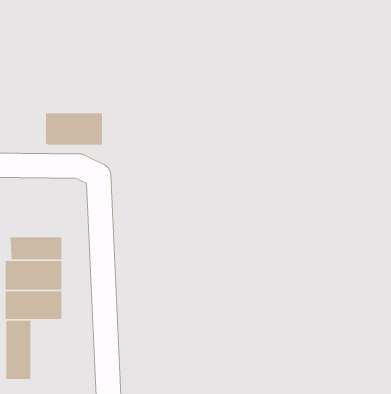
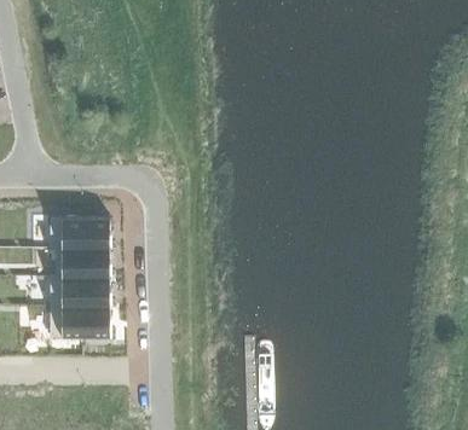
building: [45,113,103,145] -> [47,217,106,251]
building: [6,320,31,380] -> none

